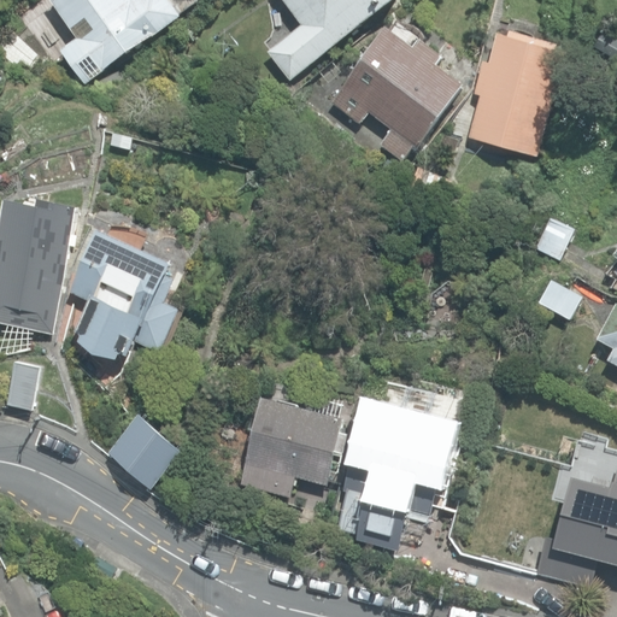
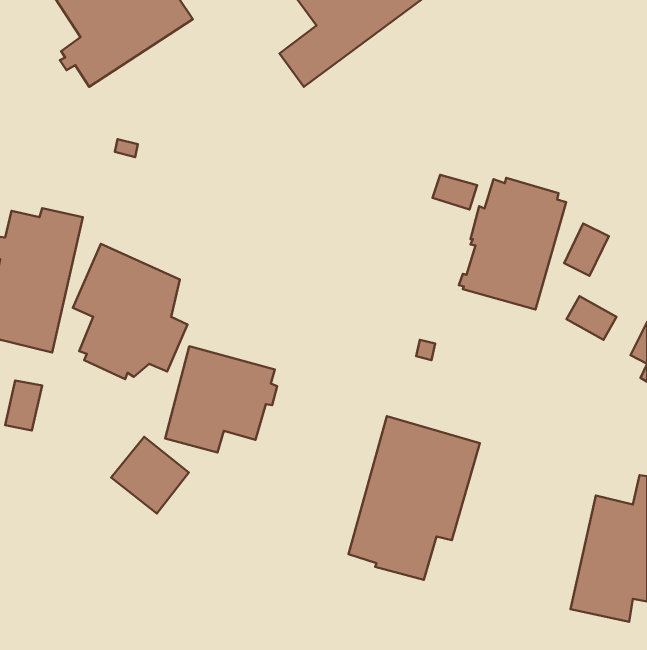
building: [328,25,463,160] -> none
building: [463,30,564,154] -> [459,178,566,309]
building: [239,394,345,494] -> [165,347,277,453]

